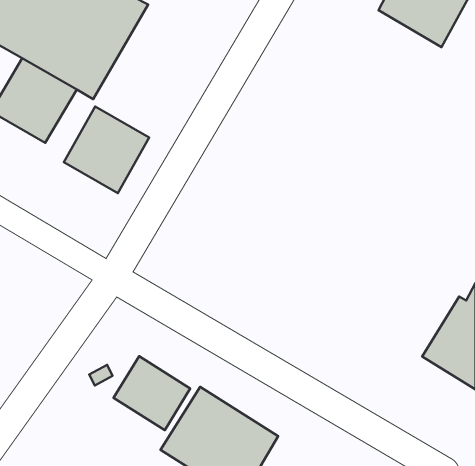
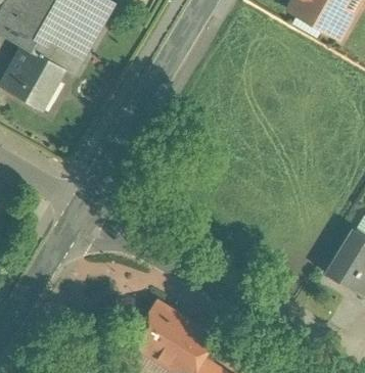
building: [64,106,149,193] -> none
building: [113,356,190,430] -> none

